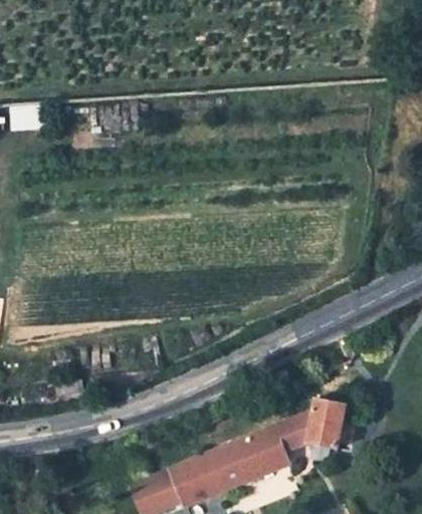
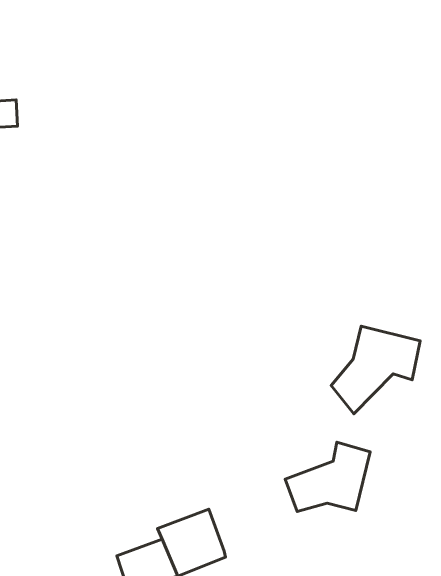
building: none -> [331,326,420,414]
building: [209,426,286,486] -> none

